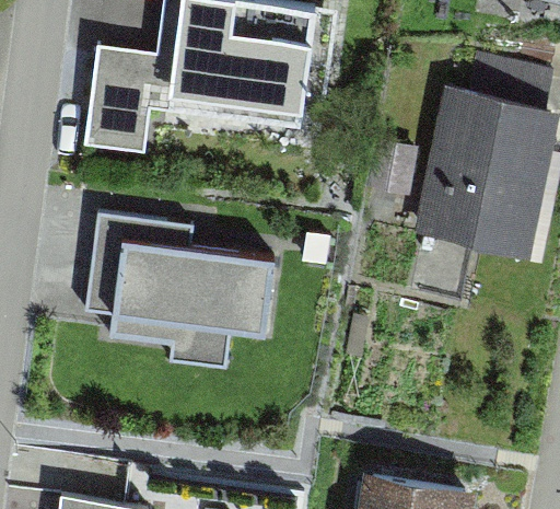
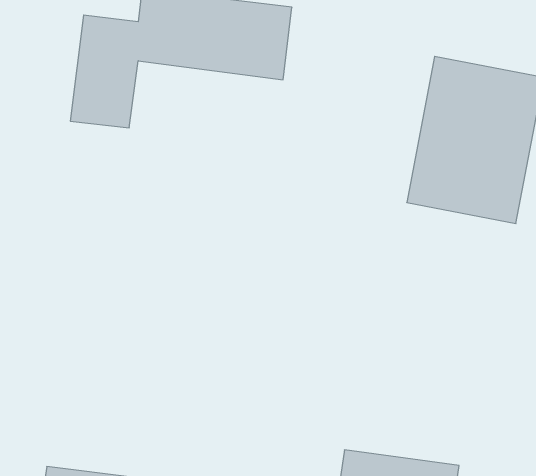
building: [107,242,280,342] -> none

